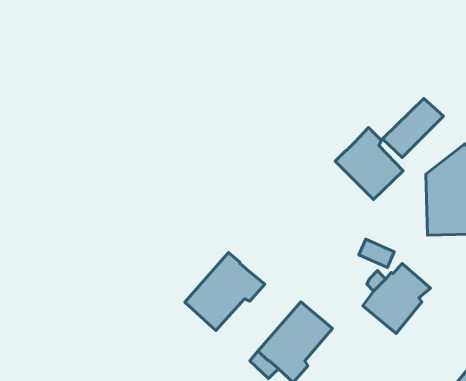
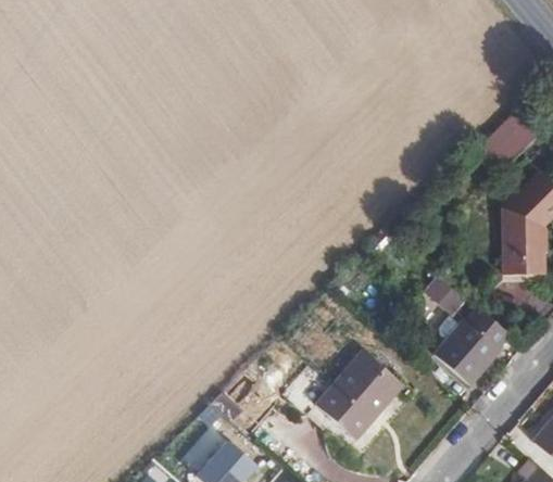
building: [335,128,403,199] -> none
building: [185,253,265,330] -> none

